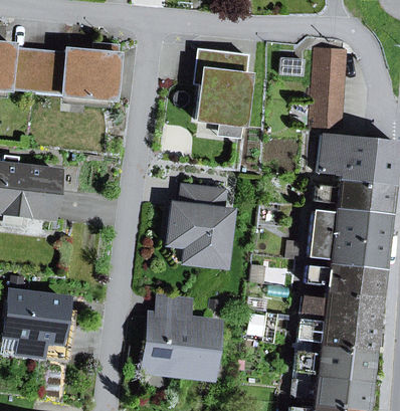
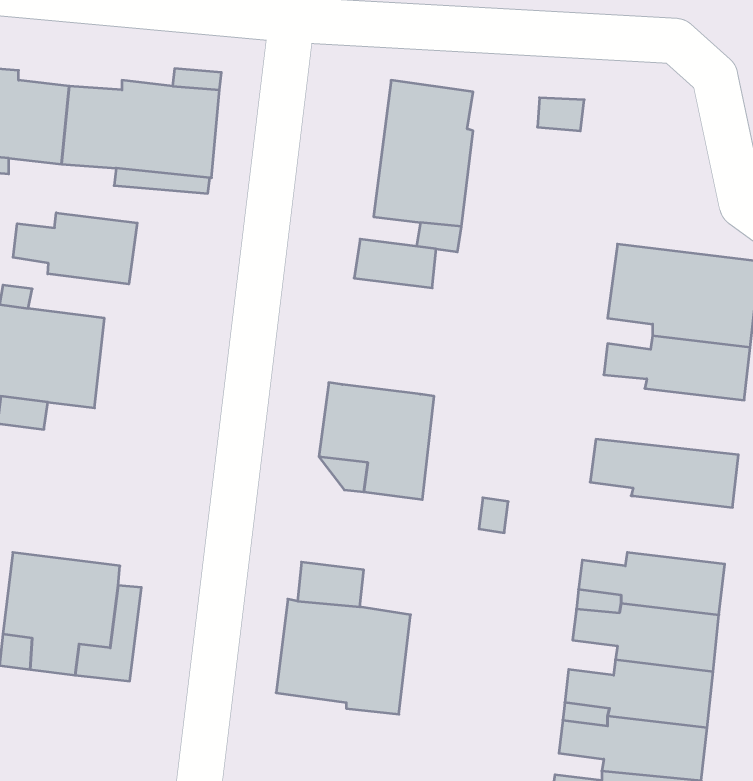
building: [293,48,347,126] -> none
building: none -> [13,213,137,284]
building: [182,185,224,210] -> [354,239,436,288]
building: [313,207,389,241] -> none
building: [308,262,383,297] -> none

